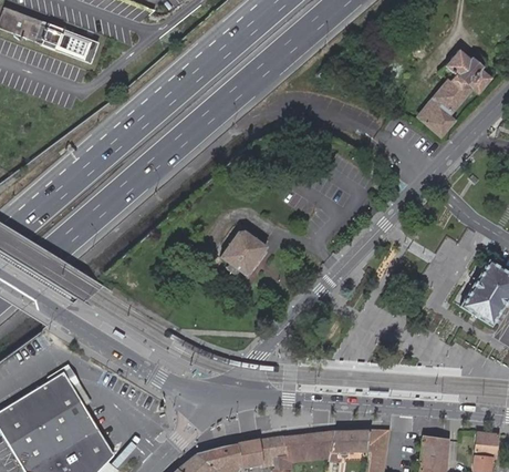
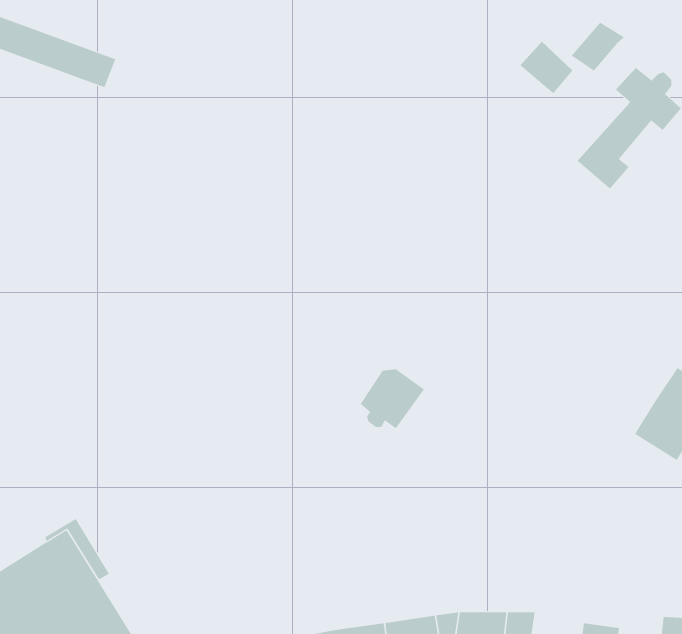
building: none -> [571,22,625,72]
building: none -> [519,41,573,94]
building: [218,229,263,271] -> [360,369,425,429]

